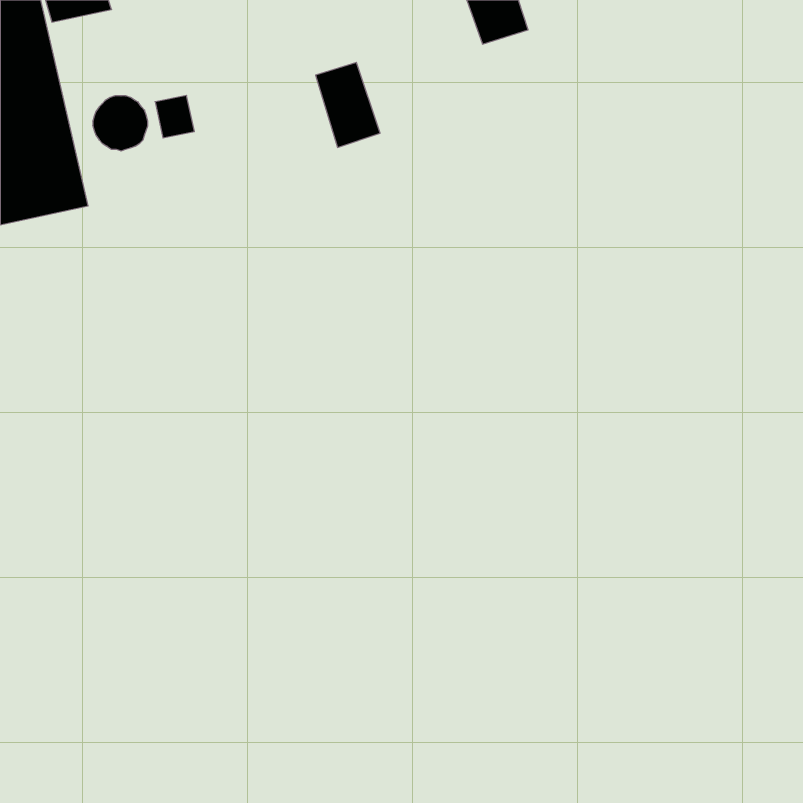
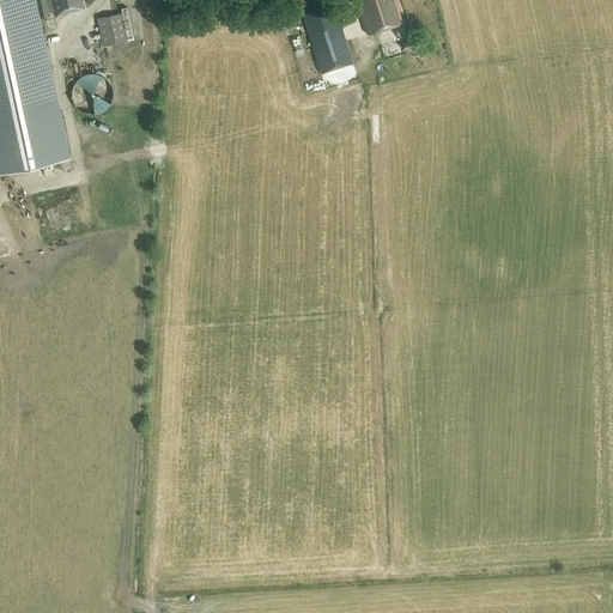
building: [316,62,380,147] -> [304,8,353,73]
building: [155,95,194,138] -> [97,13,127,45]

